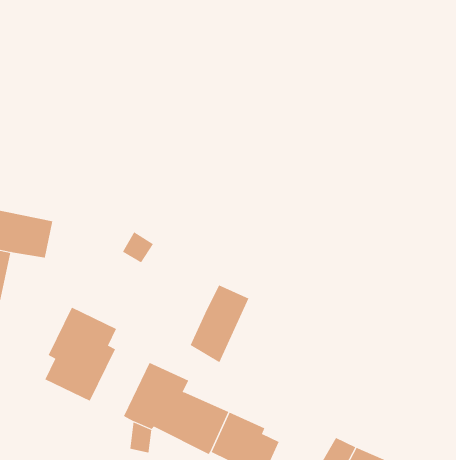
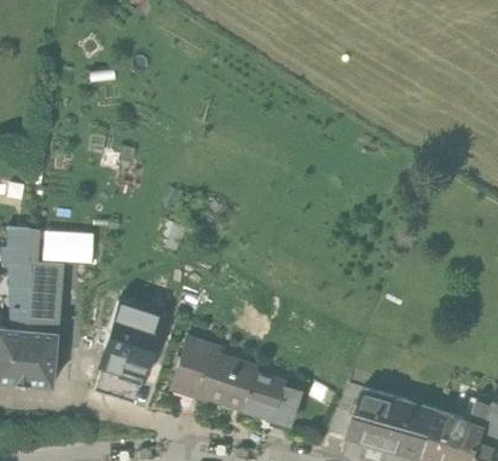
building: [190,285,249,363] -> none
building: none -> [93,365,141,407]

